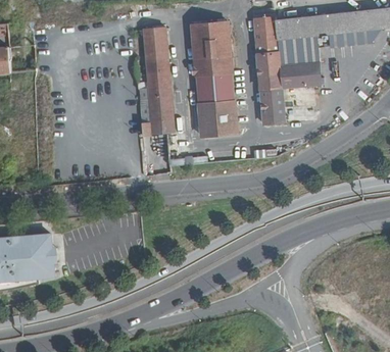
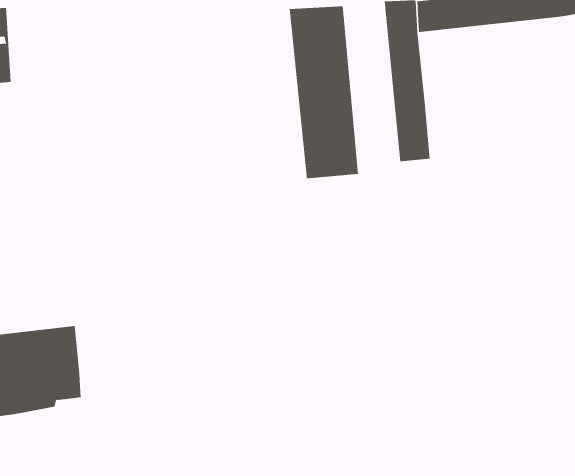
building: [136,28,174,135] -> none
building: [276,30,371,88] -> none

